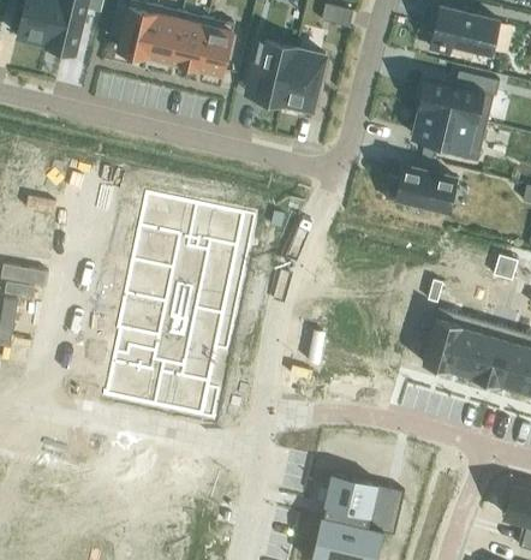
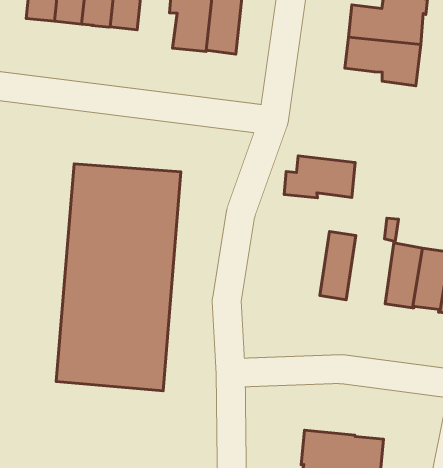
building: [384,167,455,213] -> [284,156,355,198]
building: none -> [320,231,356,300]

